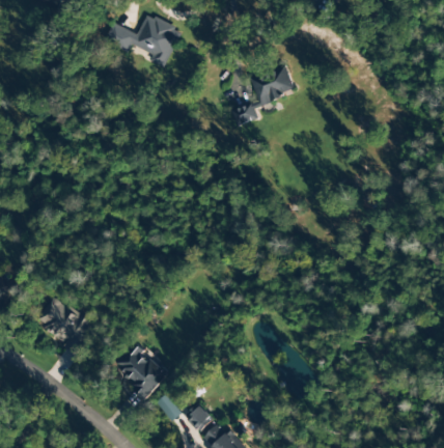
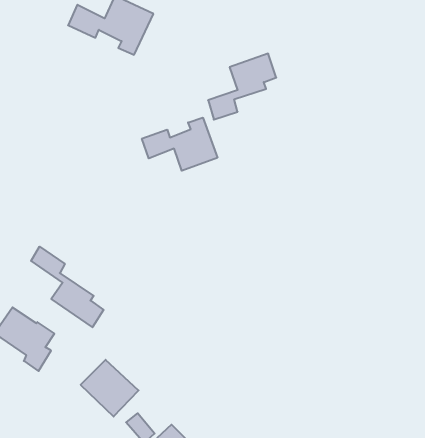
building: none -> [142,118,217,171]
building: none -> [31,247,104,327]

